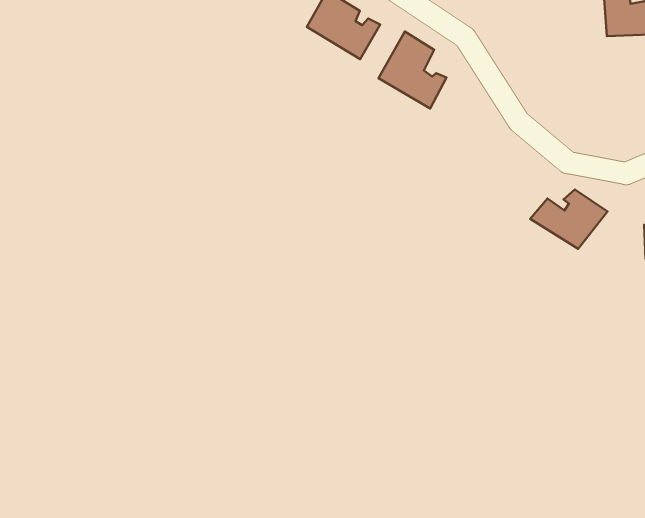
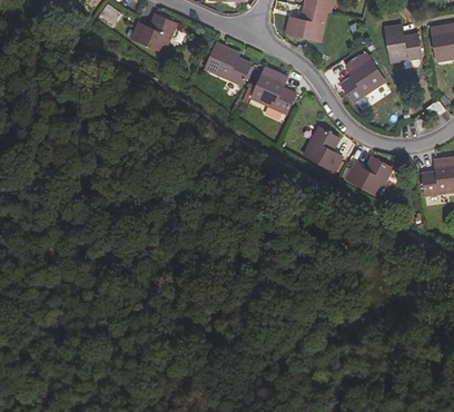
building: none -> [338,55,382,100]
building: none -> [308,127,346,170]

